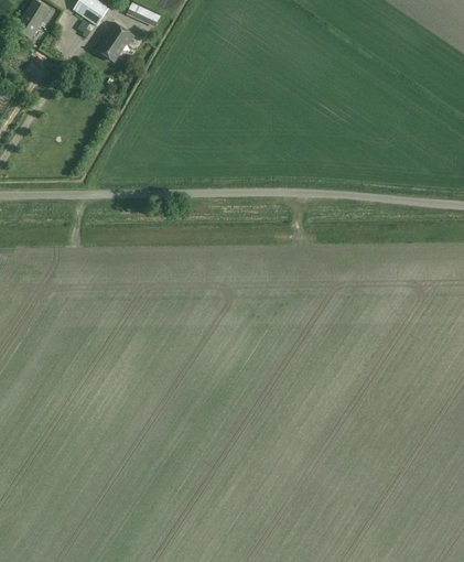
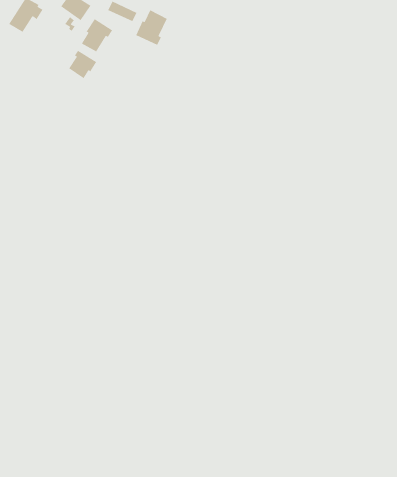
building: none -> [135,9,168,46]
building: none -> [68,50,97,79]

